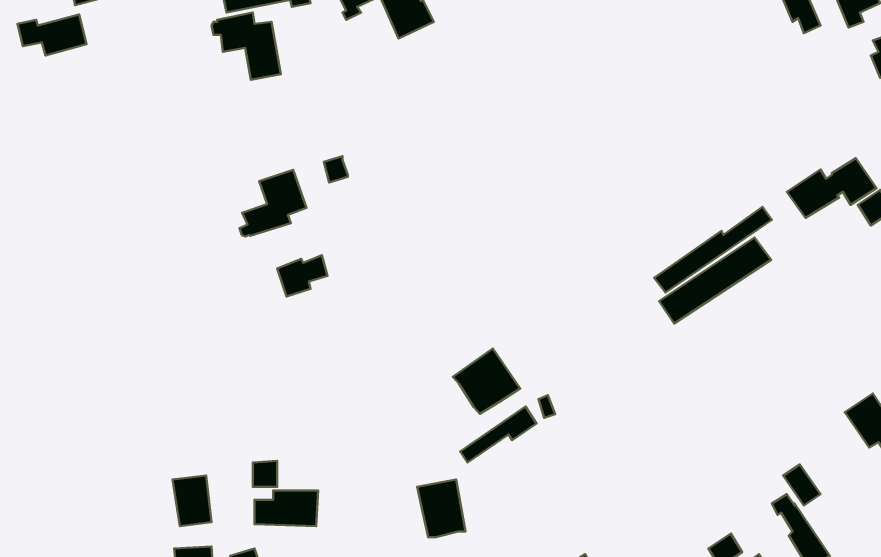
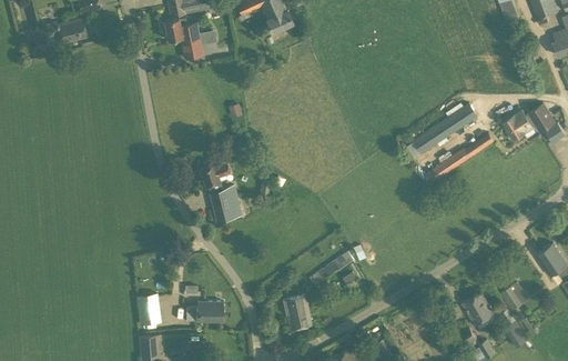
building: [240,170,306,237] -> none
building: [659,238,771,323] -> [413,102,479,153]
building: none -> [210,184,242,222]
building: [453,349,520,414] -> none
building: none -> [464,292,494,323]

